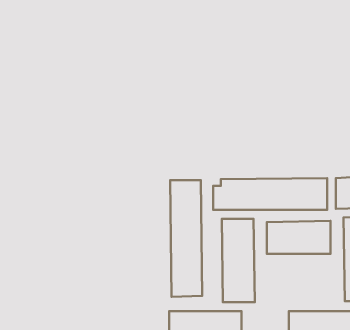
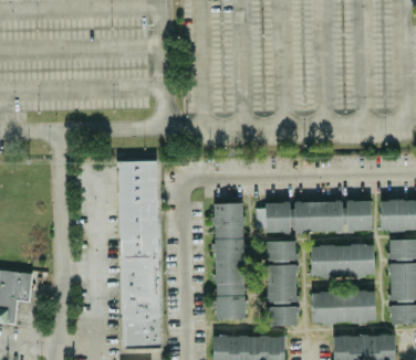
building: none -> [117,160,160,348]
building: none -> [312,290,376,322]

